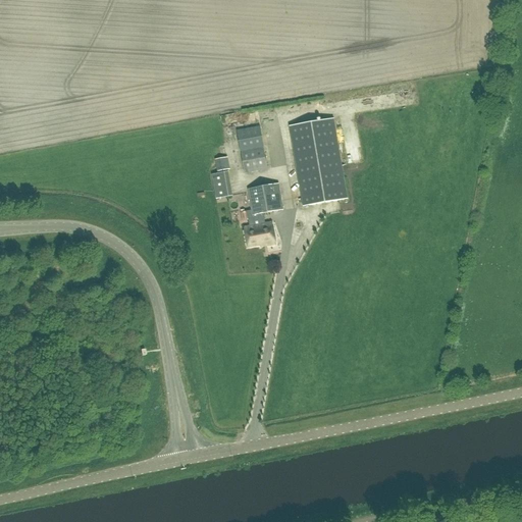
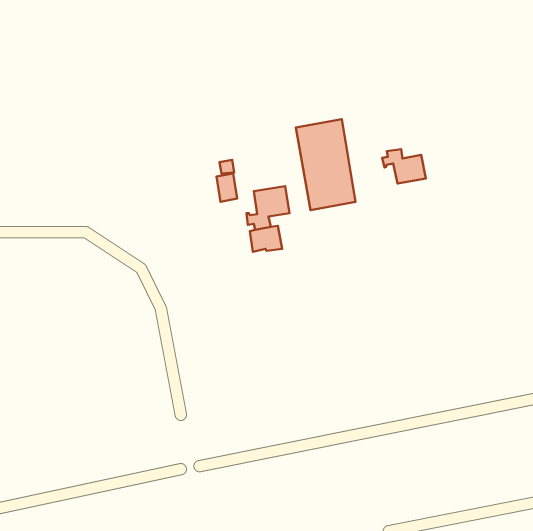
building: [237,124,266,171] -> none
building: none -> [382,149,426,184]

